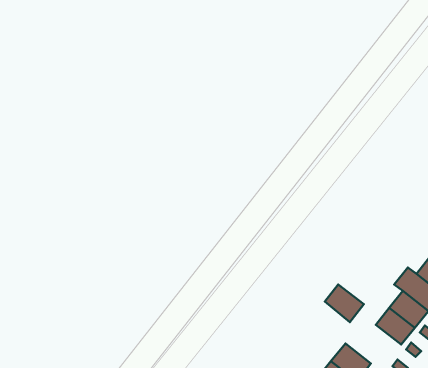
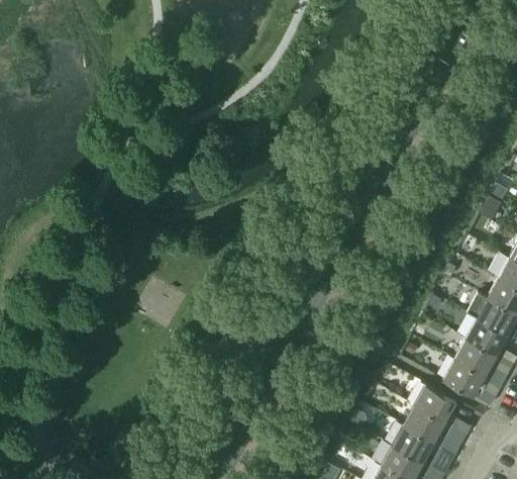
building: [325,284,364,322] -> [442,361,484,398]

